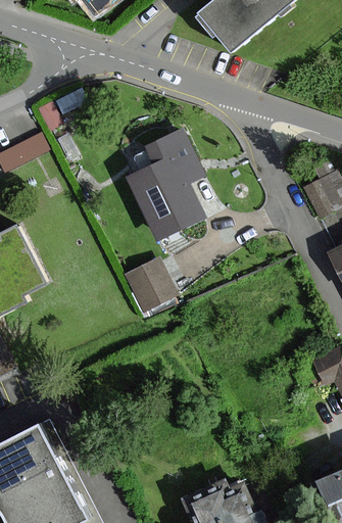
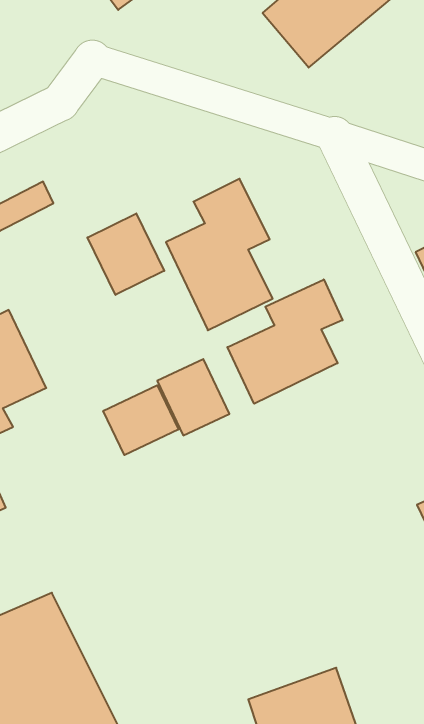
building: none -> [87,213,164,295]
building: none -> [227,279,343,404]
building: none -> [103,385,178,455]

